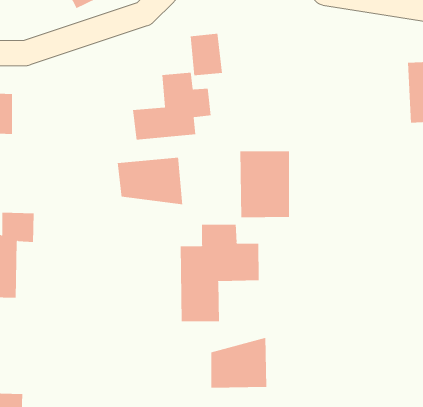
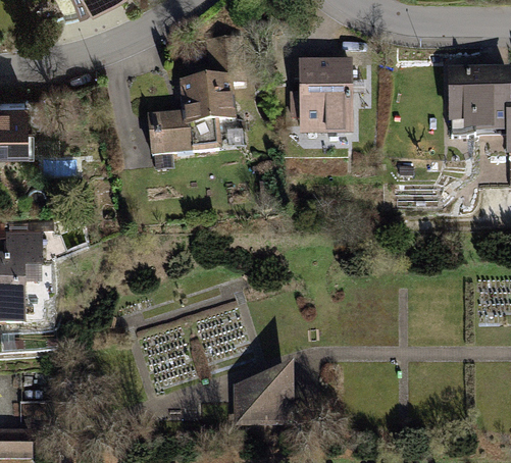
building: [240,151,290,218] -> [297,60,351,133]
building: [117,157,183,205] -> none
building: [180,224,259,322] -> none

